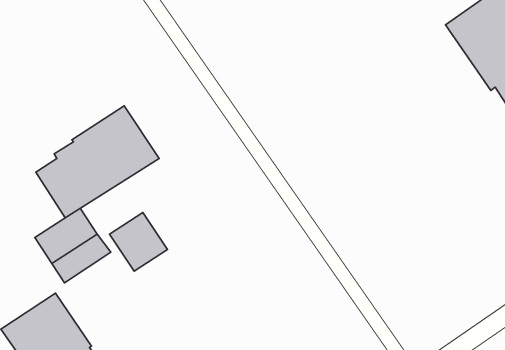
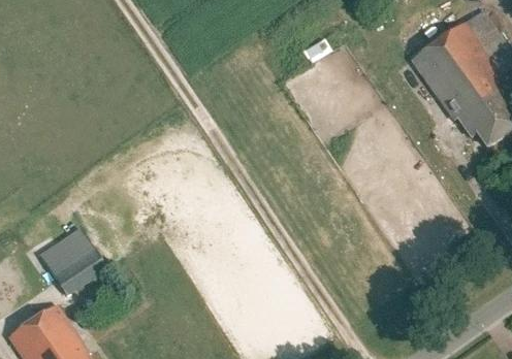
building: [36,106,159,218] -> none
building: [110,212,167,271] -> none

